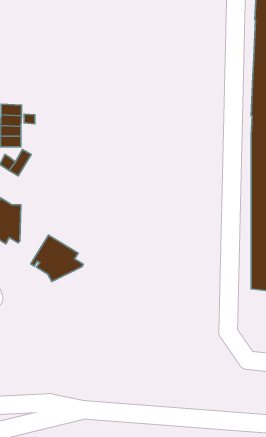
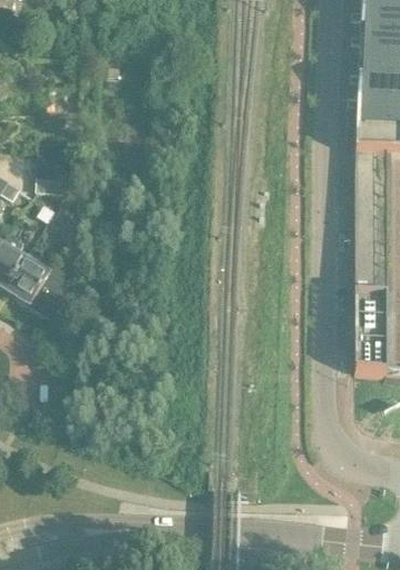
building: [31,235,83,282] -> none

